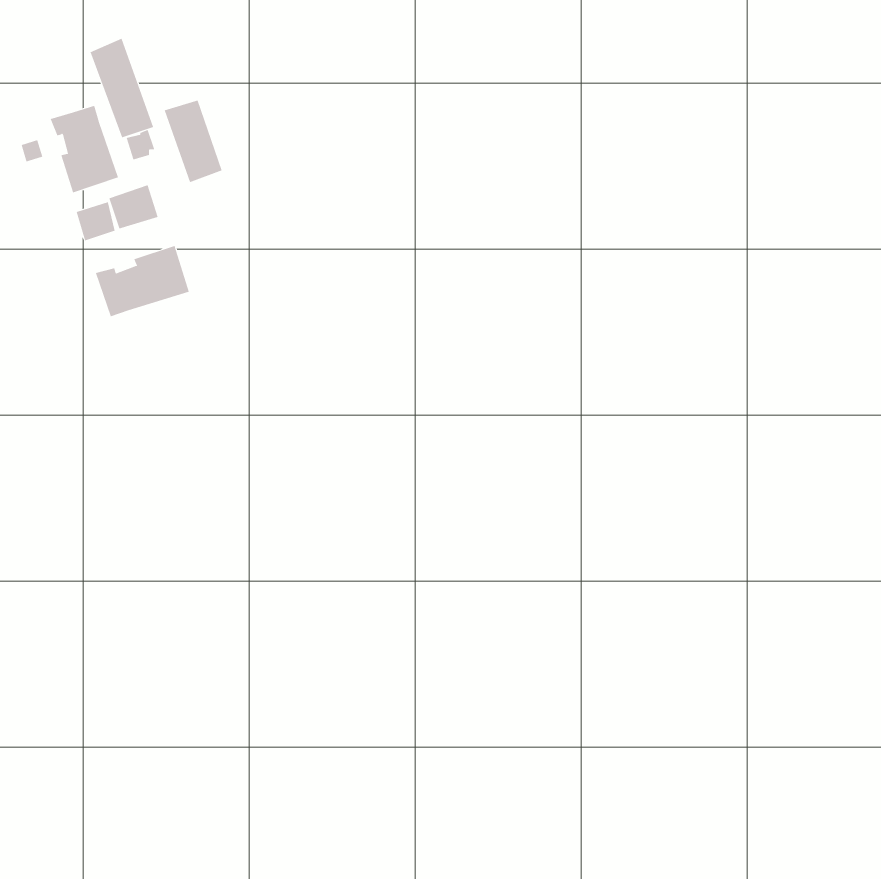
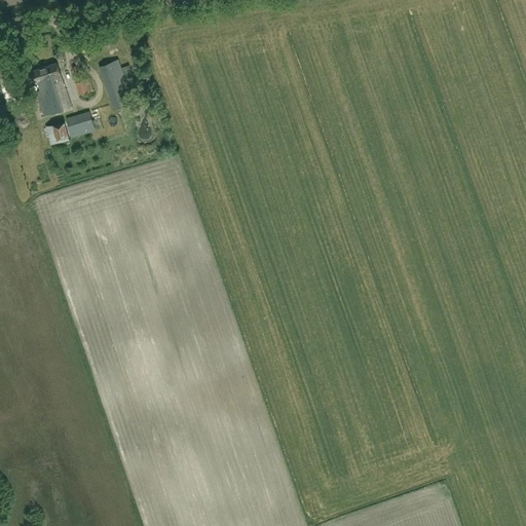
building: [90,38,154,138] -> none
building: [95,245,190,317] -> none

